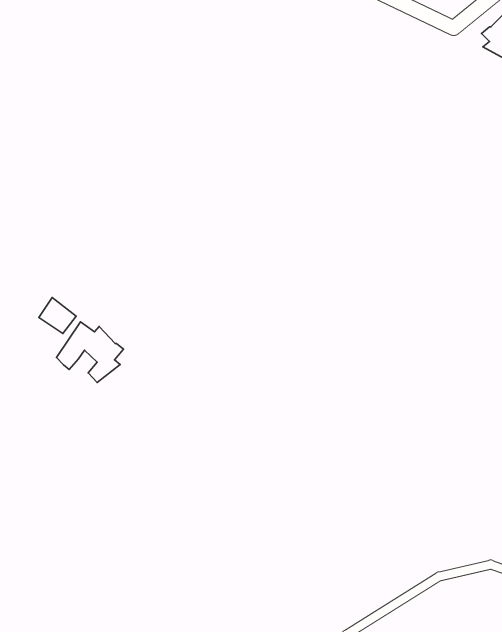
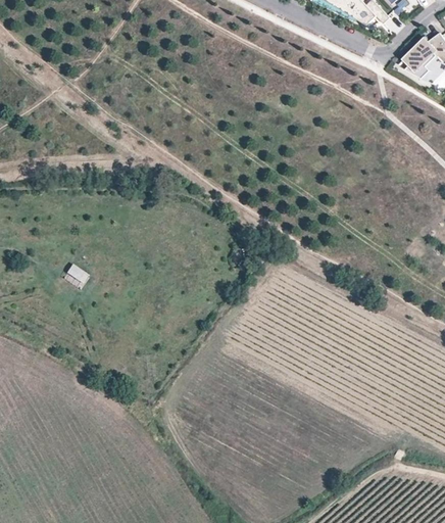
building: [57,322,123,383] -> none

